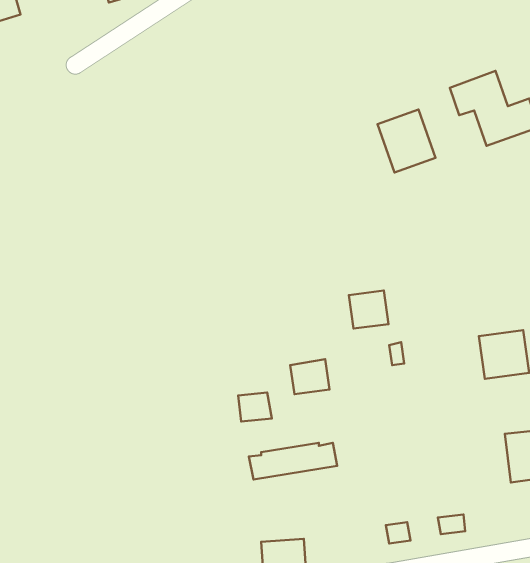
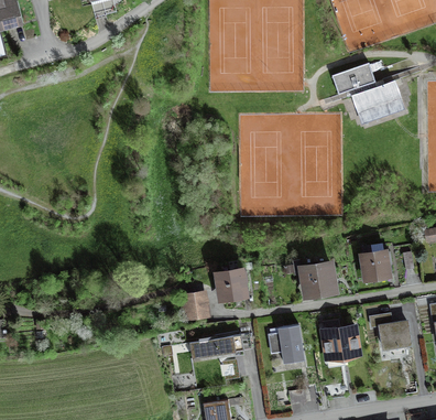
building: [377,110,435,172] -> none
building: [349,291,389,329] -> [305,263,334,291]
building: none -> [319,320,363,359]
building: none -> [272,324,302,366]

